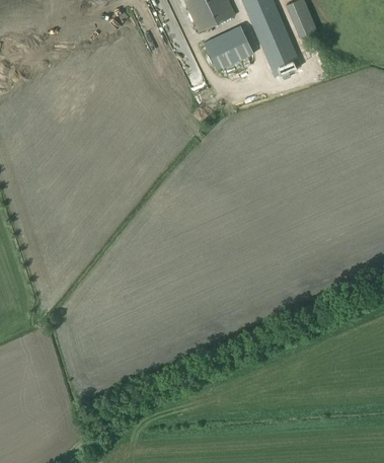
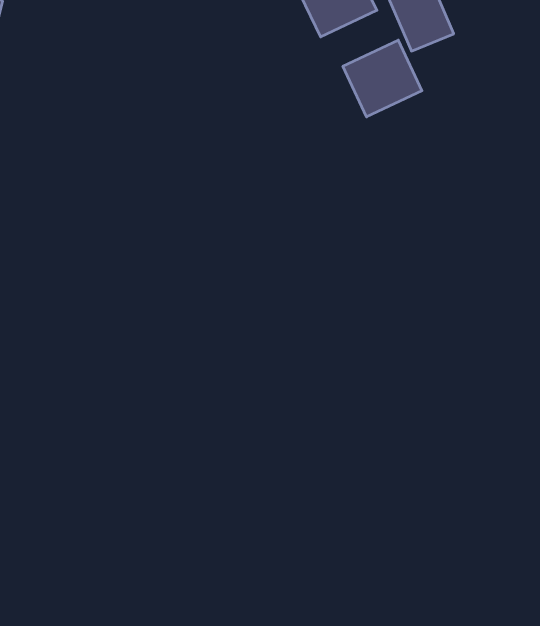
building: none -> [343,40,422,117]

